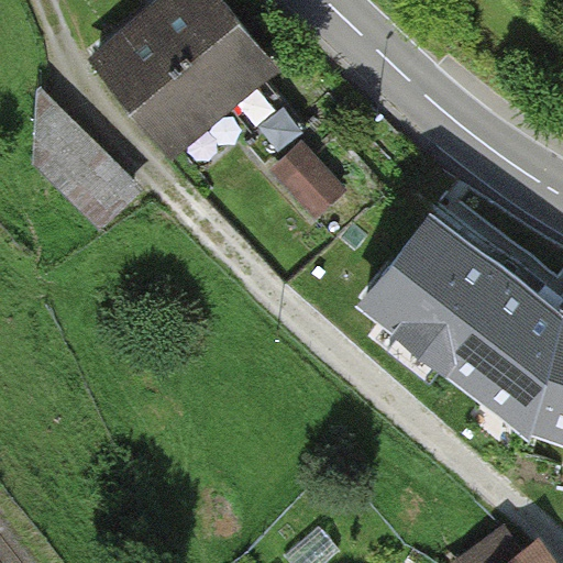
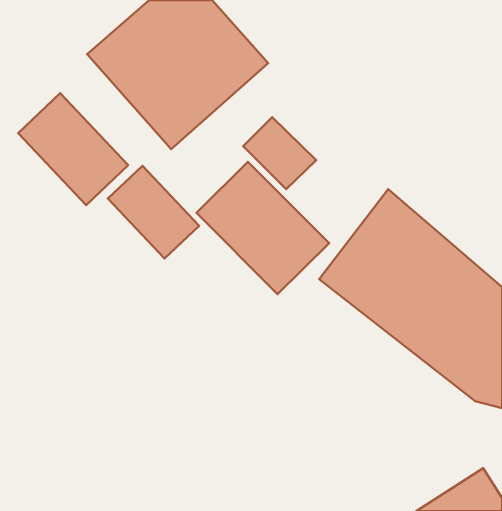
building: none -> [196,162,329,294]
building: none -> [108,166,199,258]

